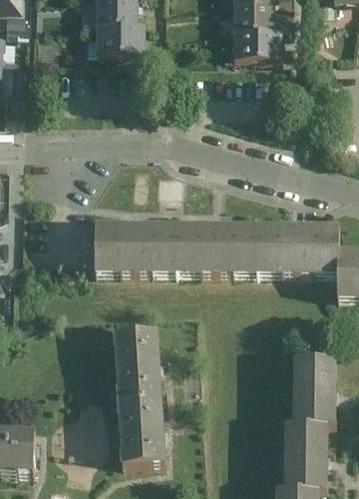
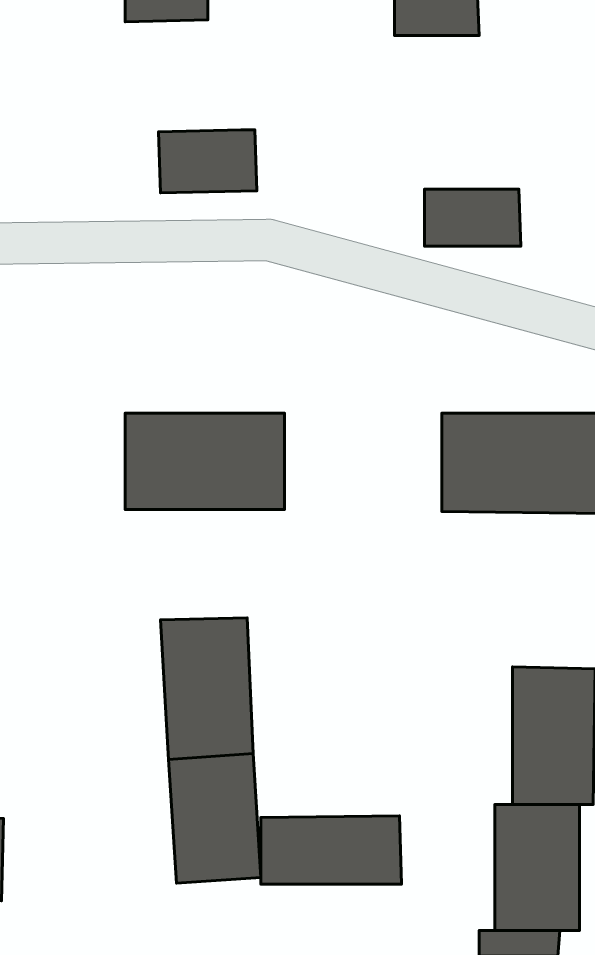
building: [95,22,145,54] -> [158,130,257,193]
building: [233,30,282,59] -> [425,189,521,246]
building: [176,222,257,273] -> none
building: none -> [261,816,401,884]

